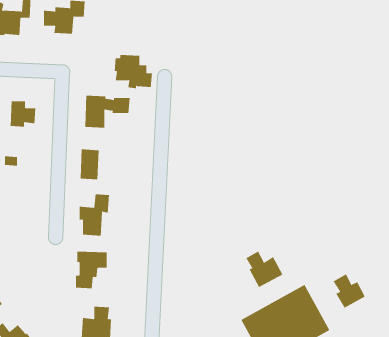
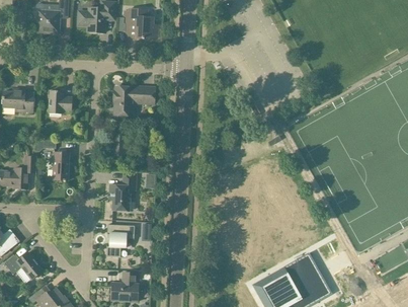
building: [114,54,153,89] -> [124,7,158,37]
building: none -> [53,152,70,179]
building: [245,250,283,288] -> none
building: [333,273,365,309] -> none

